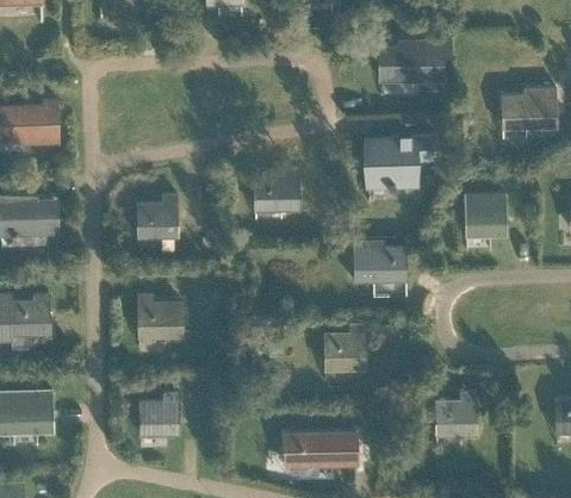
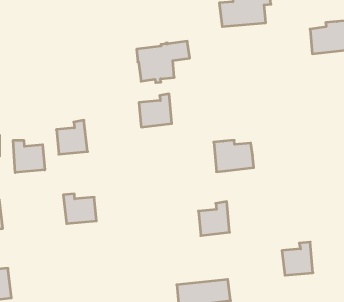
building: [366,137,439,191] -> [137,41,190,83]
building: [465,203,505,238] -> none
building: none -> [13,140,45,173]
building: [139,394,179,436] -> none

